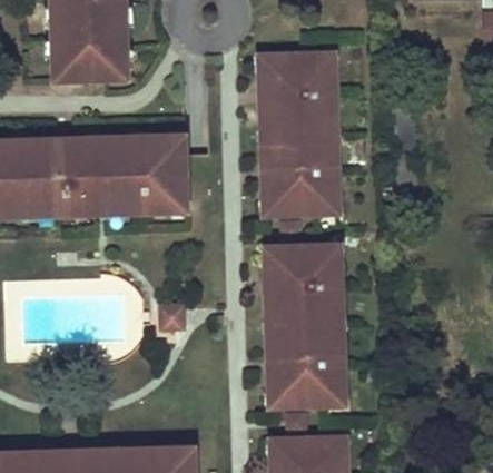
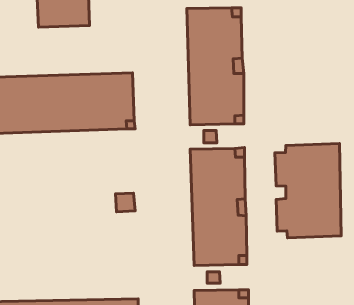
building: none -> [275,144,341,238]

